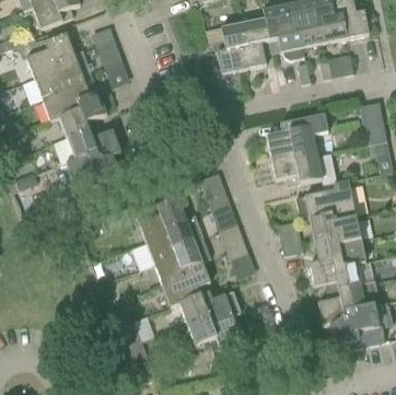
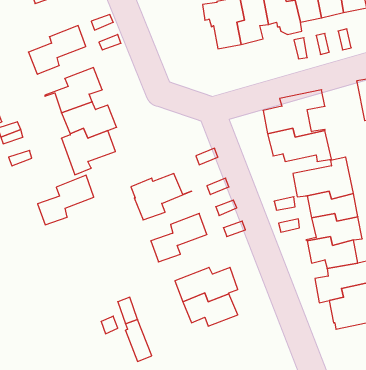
building: [26,32,82,77] -> none
building: [42,71,97,119] -> none
building: [147,214,202,264] -> [38,175,94,225]
building: [162,257,212,306] -> none

